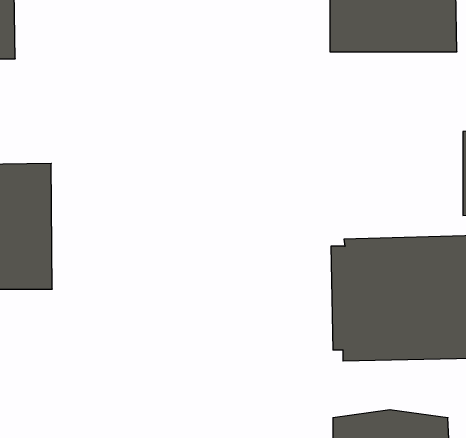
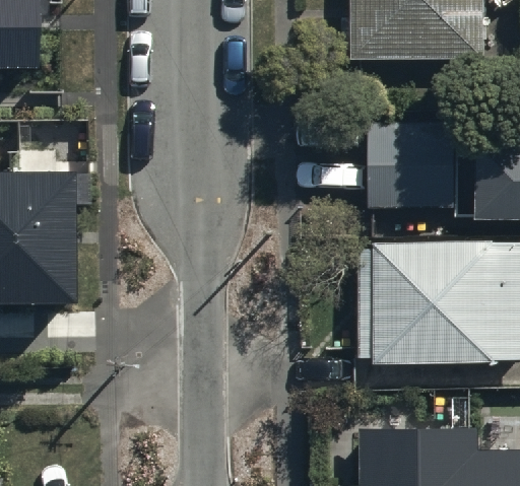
building: none -> [372,126,459,213]

